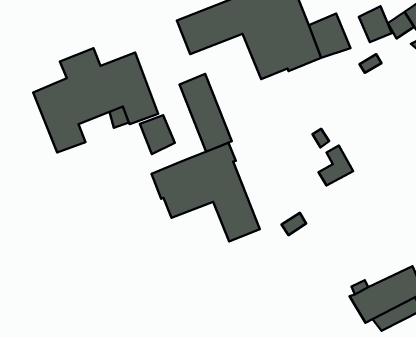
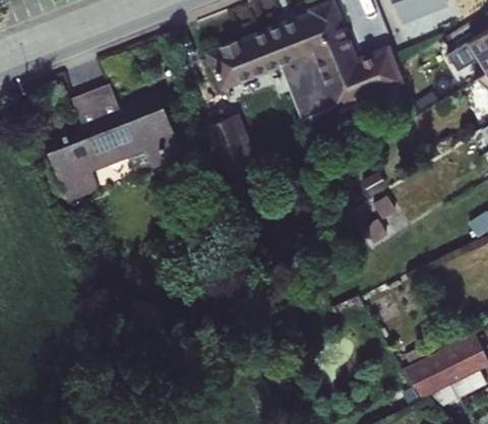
building: [359,6,392,42] -> none
building: [140,115,175,154] -> none
building: [152,143,260,241] -> none

